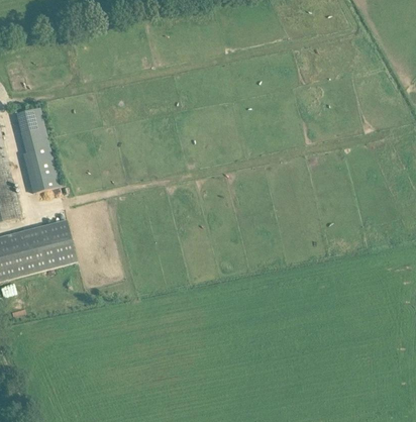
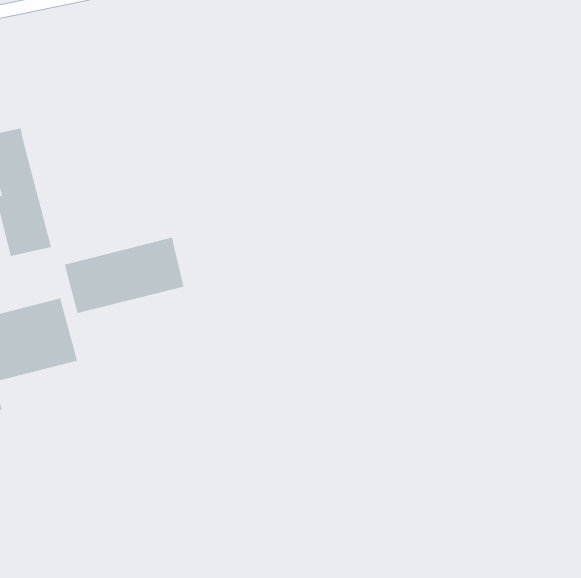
building: none -> [64,237,184,314]

